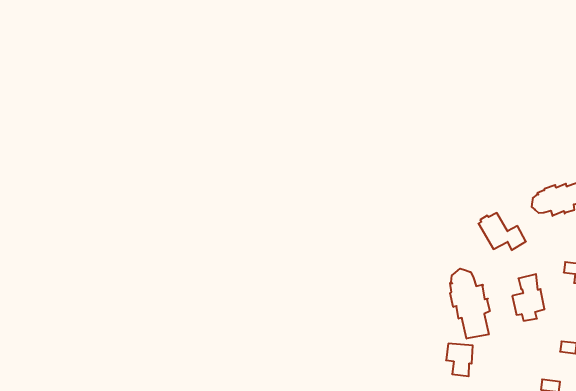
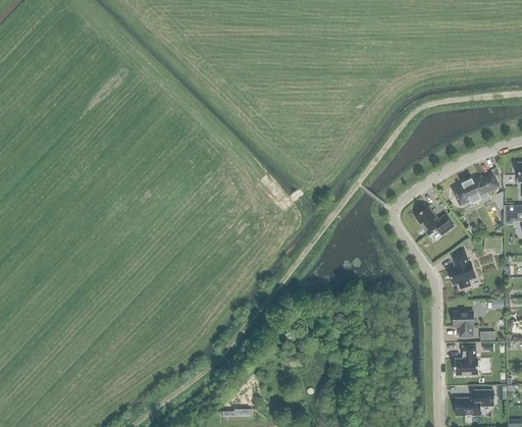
building: [450,269,490,339] -> none
building: [446,344,473,376] -> [454,312,474,336]

